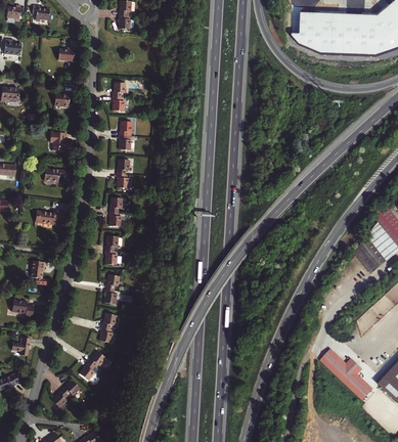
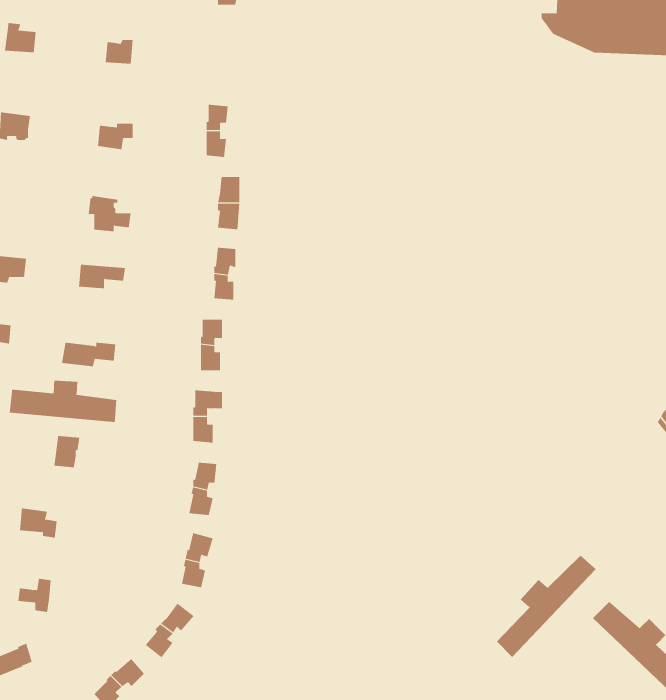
building: none -> [9,380,117,423]
building: none -> [496,555,597,658]

